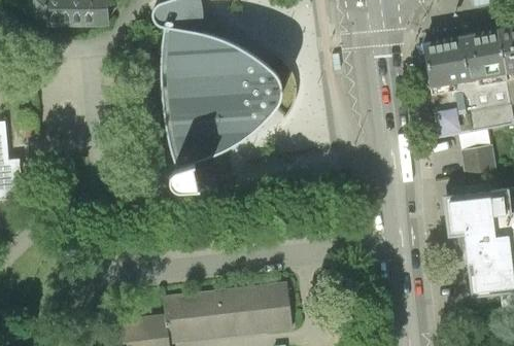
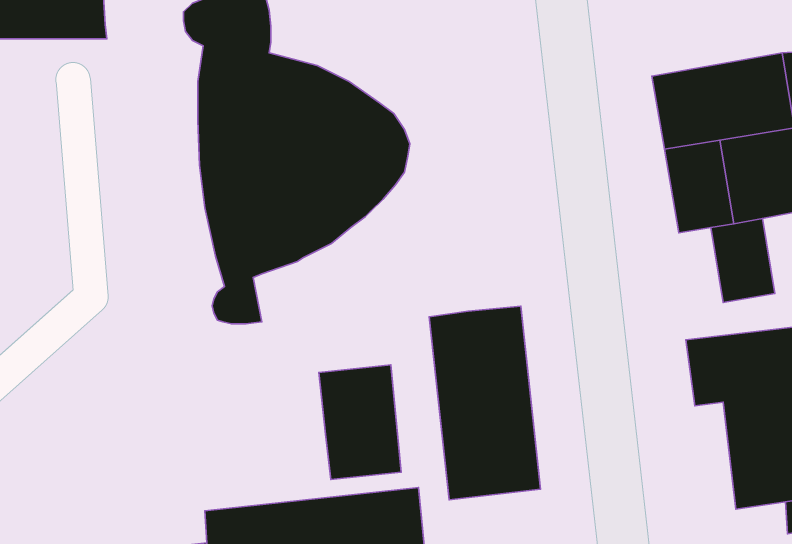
building: none -> [429,306,541,500]
building: none -> [319,365,401,479]

